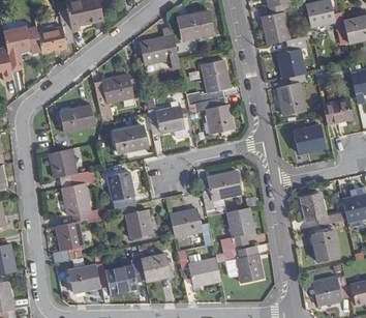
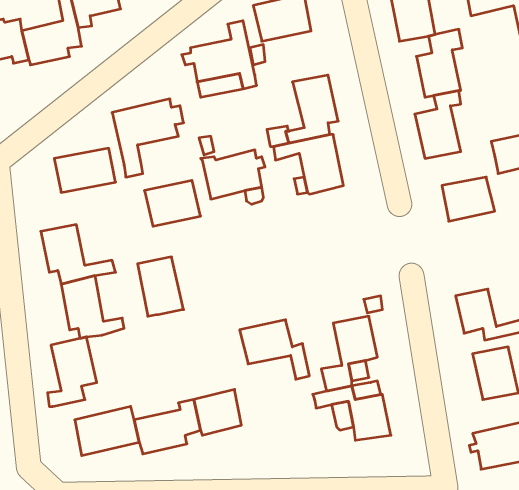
building: [200,171,241,210] -> none
building: [119,204,152,239] -> none
building: [178,250,220,287] -> none

